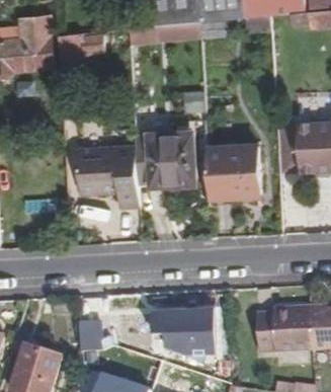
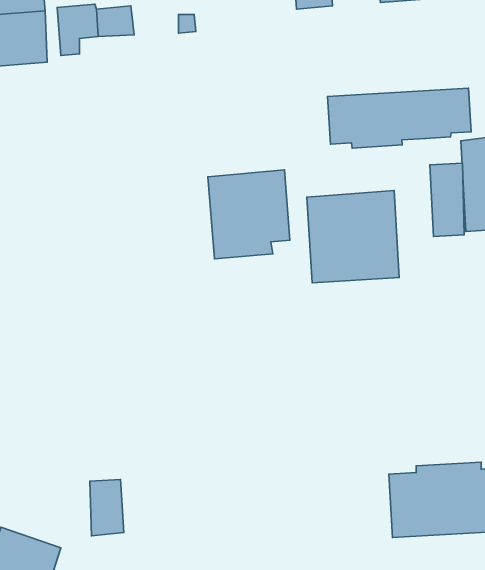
building: none -> [328,88,471,148]
building: [78,144,140,206] -> none
building: [161,310,216,342] -> none

